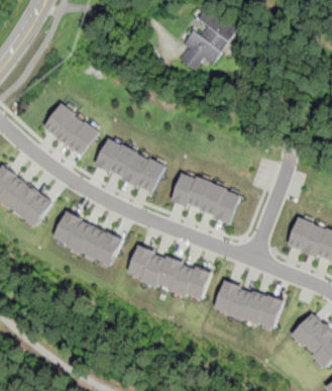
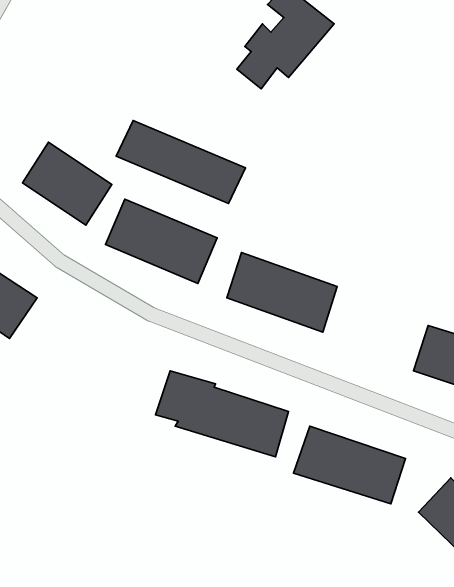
building: none -> [116,121,245,203]
building: [52,212,122,265] -> none

